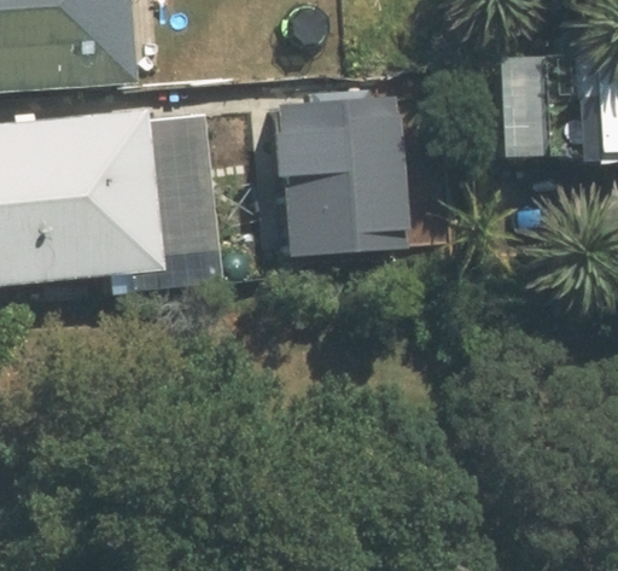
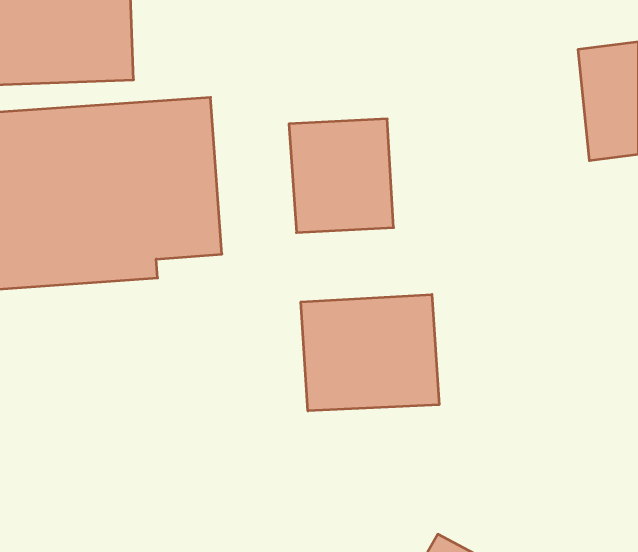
building: none -> [301,294,439,411]

